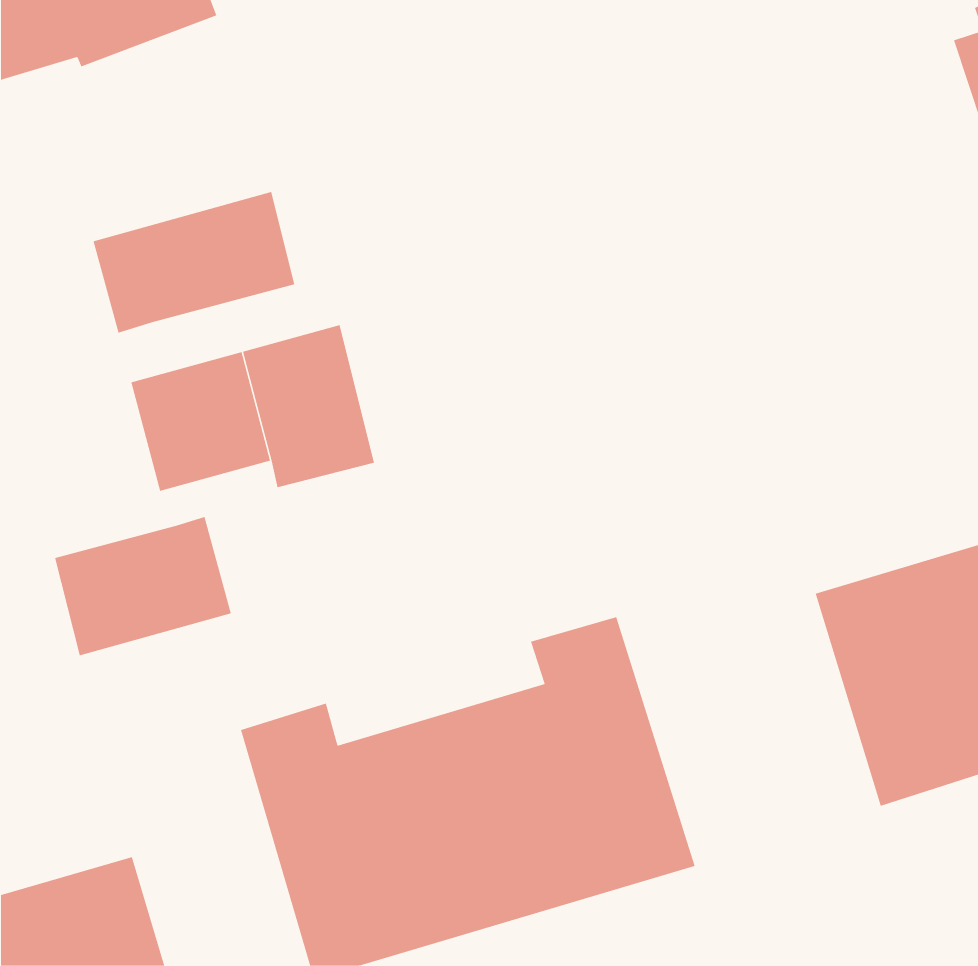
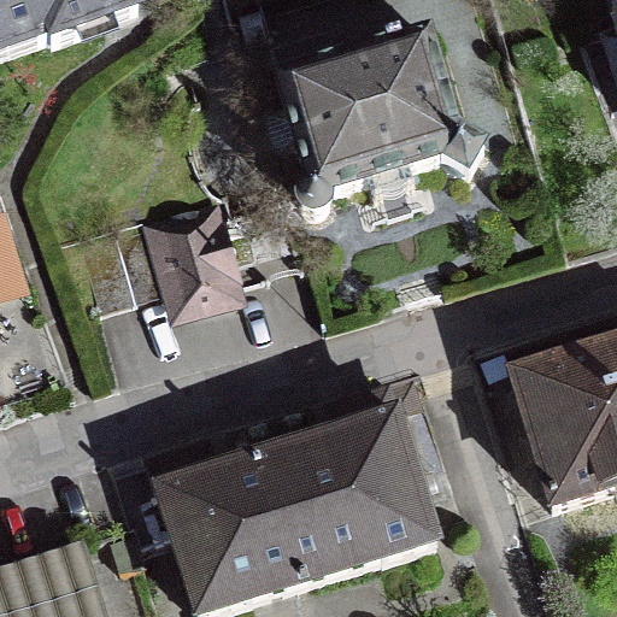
building: none -> [277,33,486,212]
building: [93,191,295,333] -> none
building: [55,516,232,656] -> none

